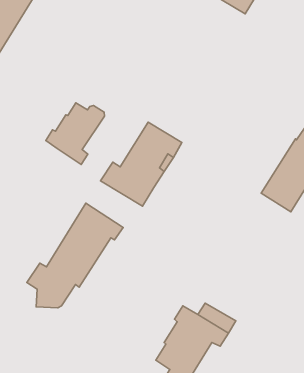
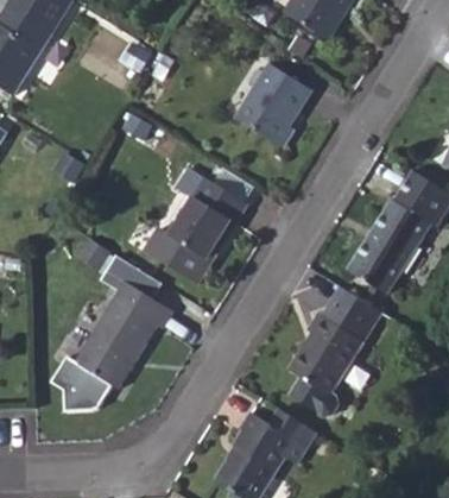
building: none -> [235,62,310,145]
building: [46,103,104,165] -> none
building: none -> [289,284,381,415]

